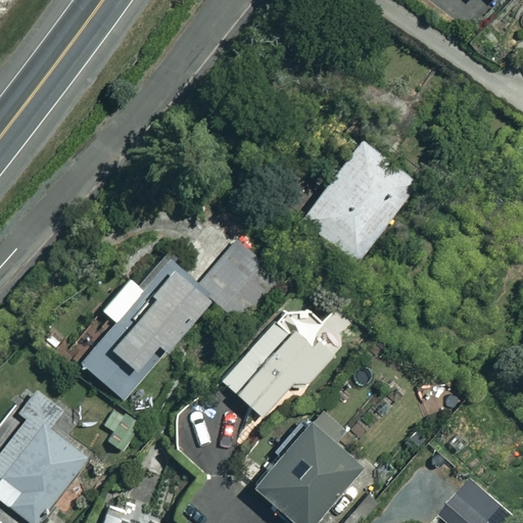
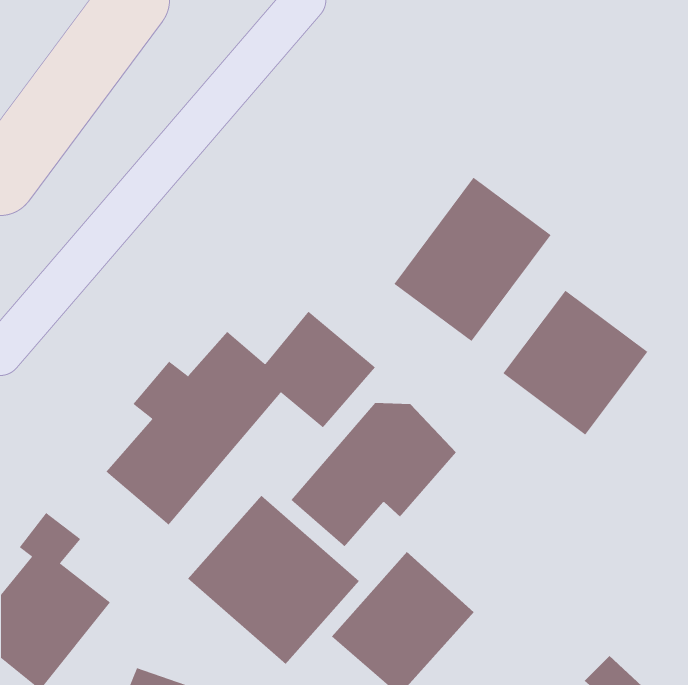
building: none -> [502,290,648,436]
building: none -> [187,495,360,665]

